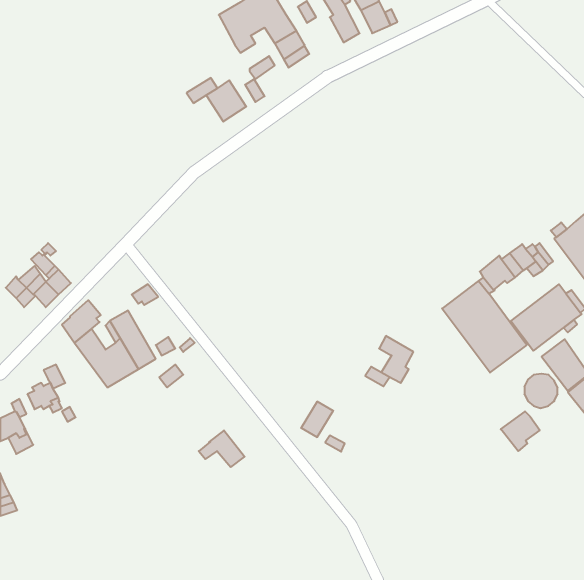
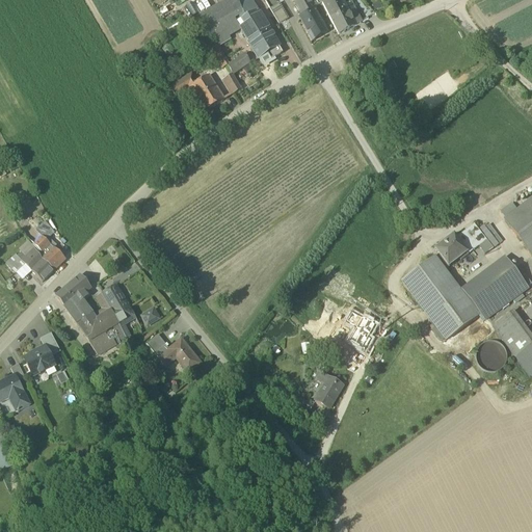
building: [301,402,333,437] -> [315,374,344,406]
building: [501,411,540,451] -> none
building: [199,430,245,467] -> [160,338,202,371]

